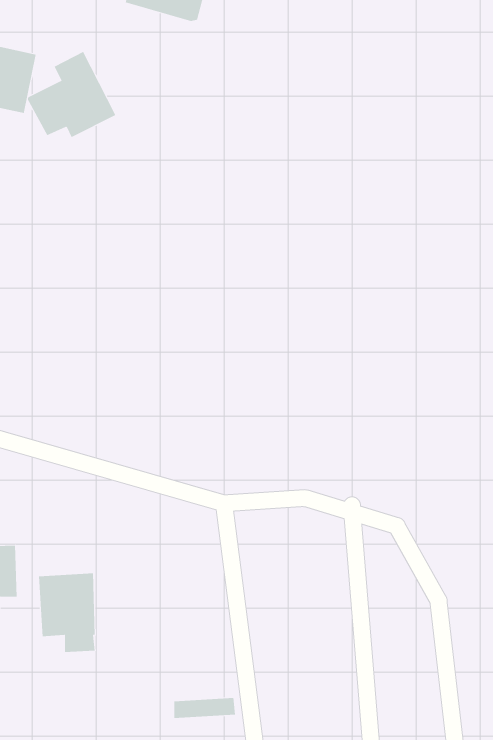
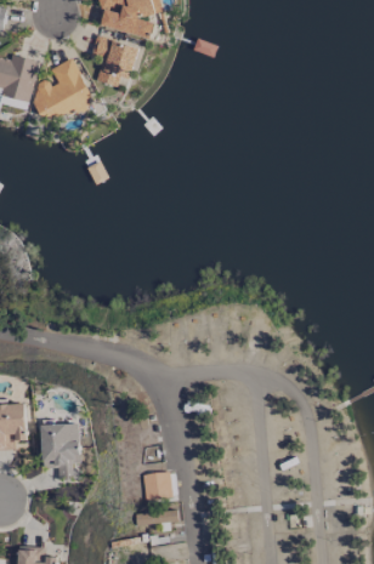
building: none -> [90,35,140,87]
building: none -> [142,473,171,499]

